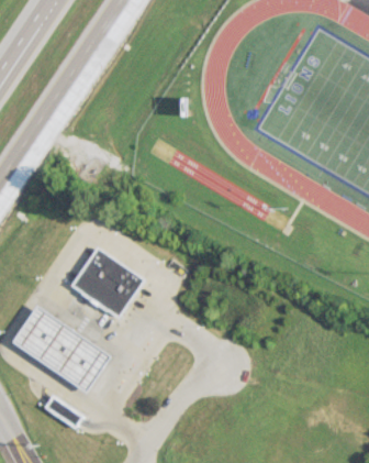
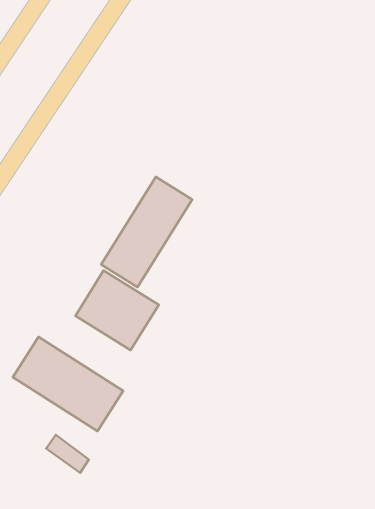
building: none -> [101,177,192,287]

